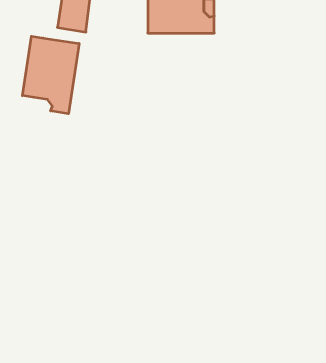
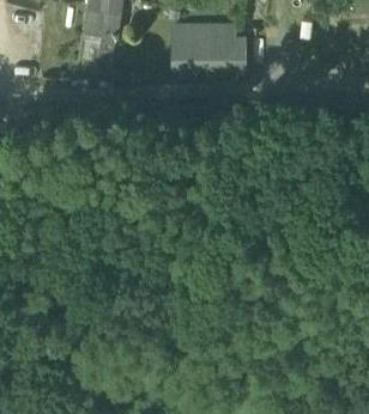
building: [22,36,79,114] -> none

